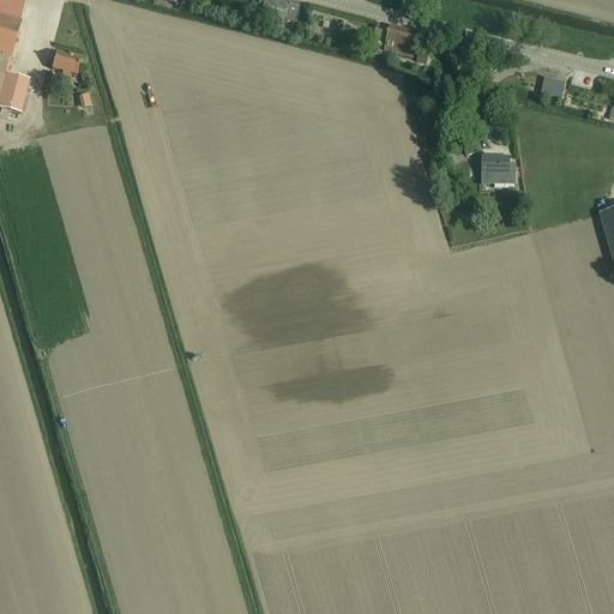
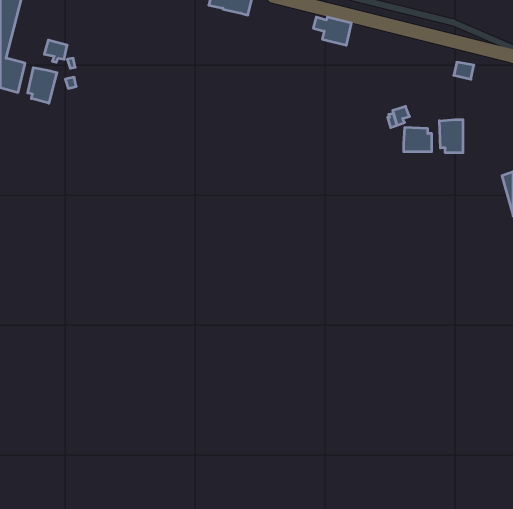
building: none -> [28,68,57,103]
building: none -> [439,120,463,153]

